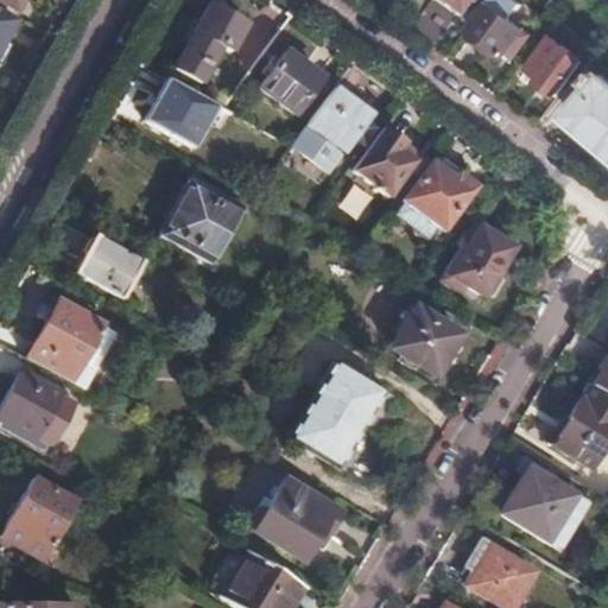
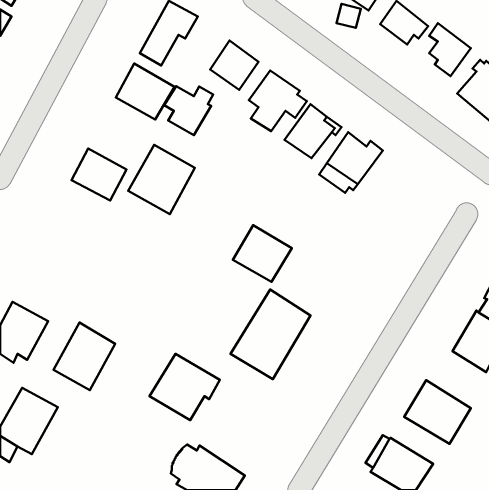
building: none -> [164,86,213,135]
building: [441,222,514,296] -> none
building: [77,233,145,297] -> [72,148,127,200]
building: [28,299,104,382] -> [53,323,115,390]
building: [391,303,463,373] -> [233,225,292,282]
building: [254,479,341,560] -> [150,354,220,420]

